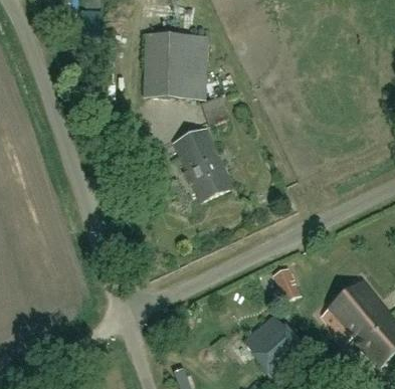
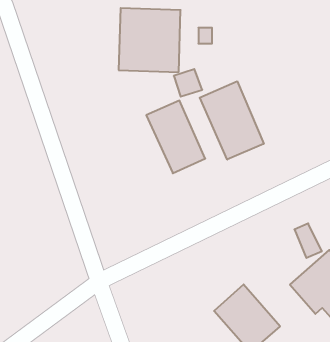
building: none -> [200,81,264,160]
building: [272,265,301,301] -> [294,223,322,258]

